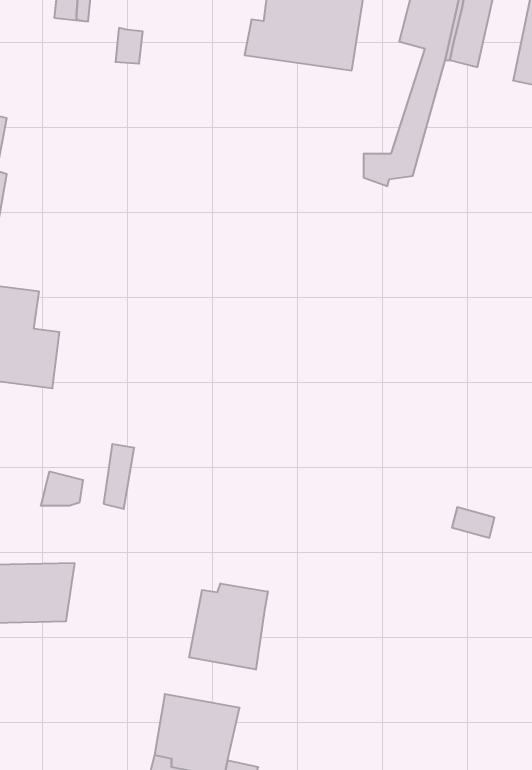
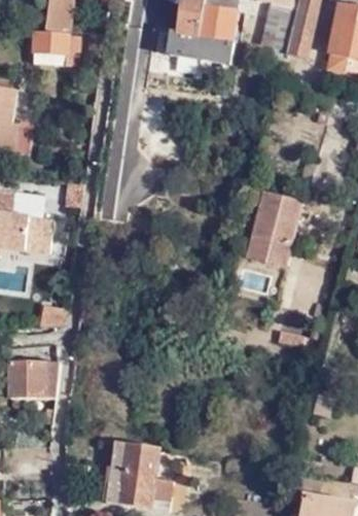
building: none -> [31,33,80,68]
building: none -> [245,192,299,266]
building: [189,583,268,670] -> none

